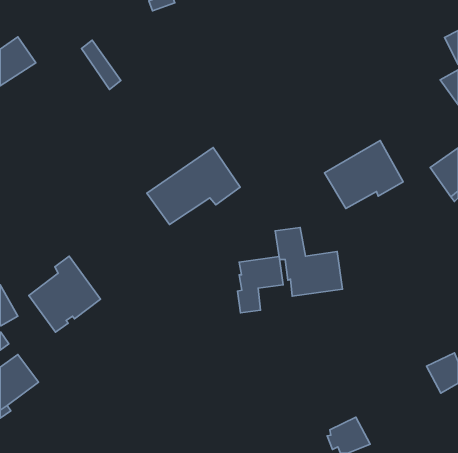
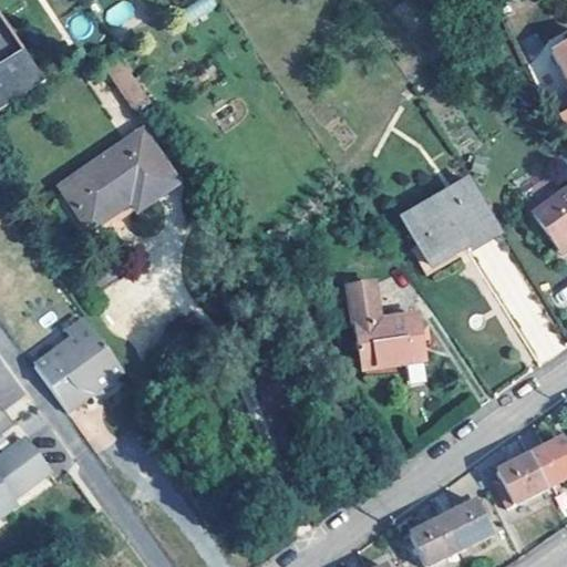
building: [147,148,240,225] -> [61,131,176,226]
building: [238,257,283,313] -> none
building: none -> [495,453,545,506]
building: none -> [440,498,489,549]

